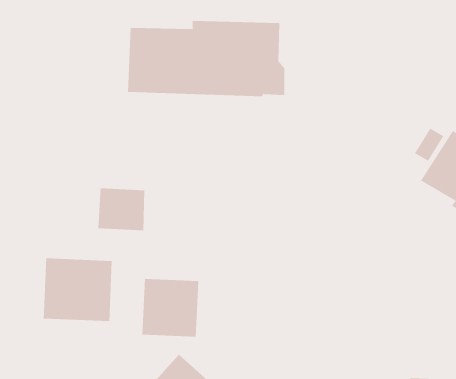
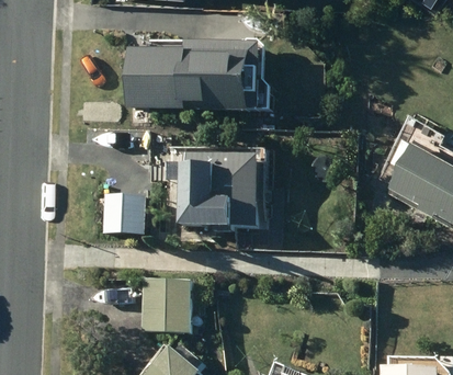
building: none -> [180,149,275,242]
building: [43,258,112,322] -> none

